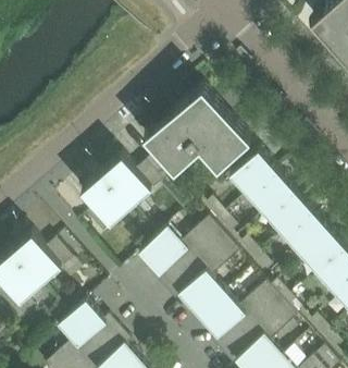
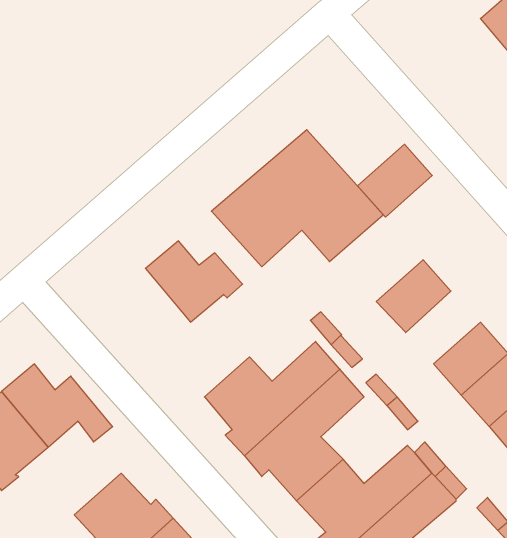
building: [229,150,276,196] -> [358,144,432,217]
building: [82,175,130,237] -> none
building: [265,189,312,235] -> none

